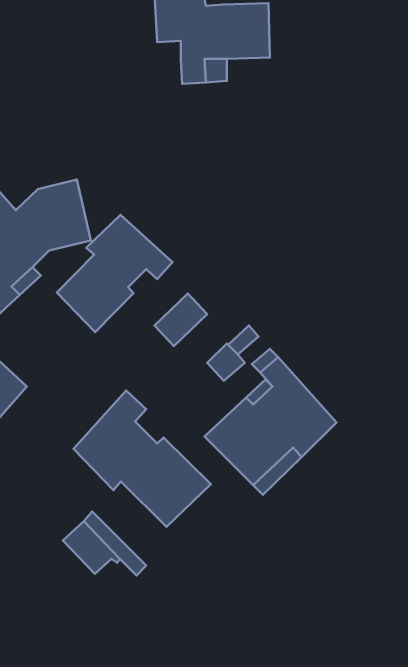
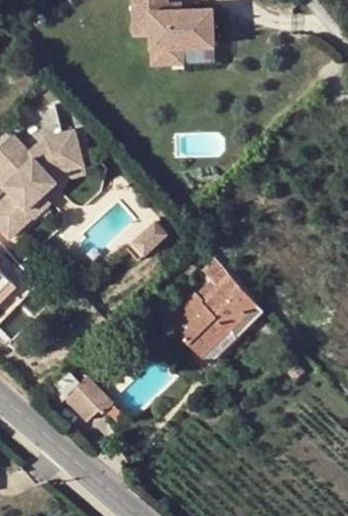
building: [57,215,172,332] -> none
building: [74,391,211,527] -> none

